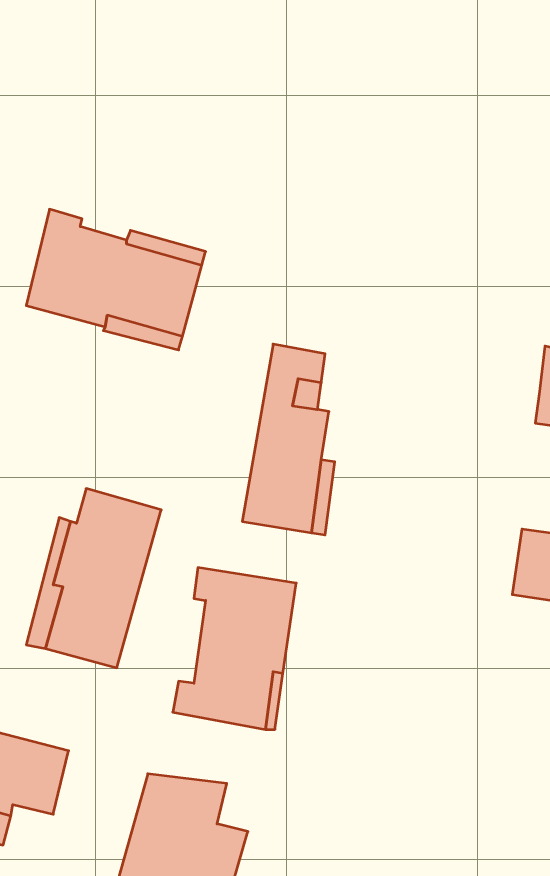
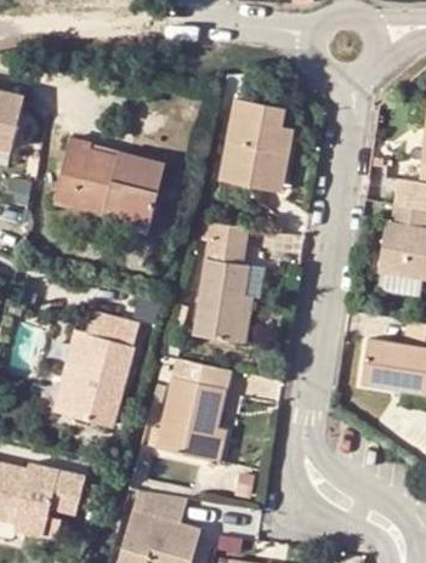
building: none -> [216,99,290,206]

